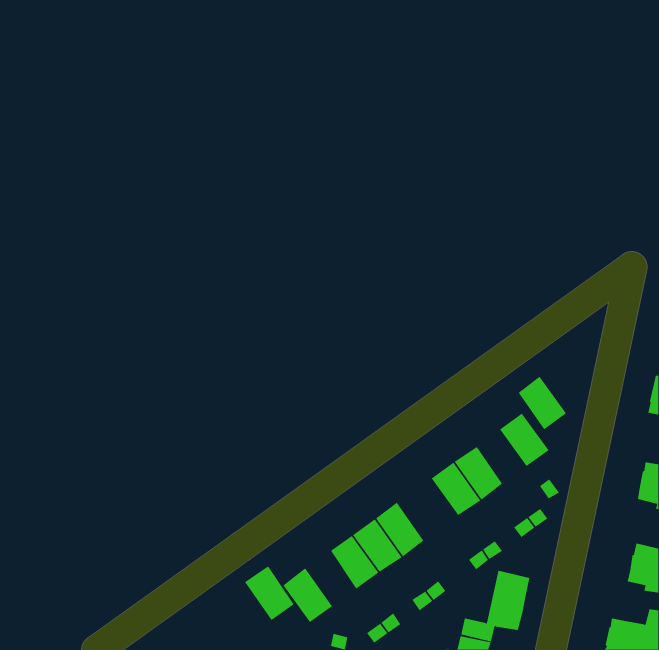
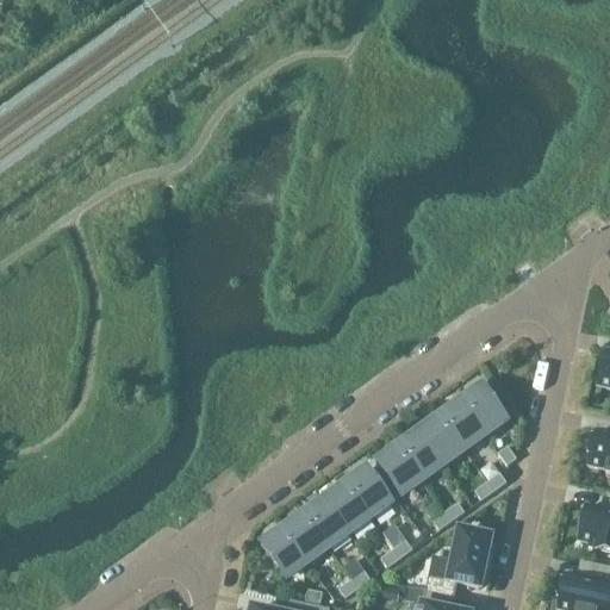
building: [518,376,567,430] -> [441,397,486,447]
building: none -> [376,442,423,493]
building: [244,565,294,621] -> [282,509,329,560]

